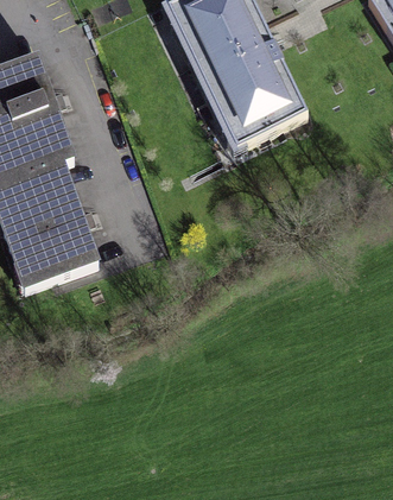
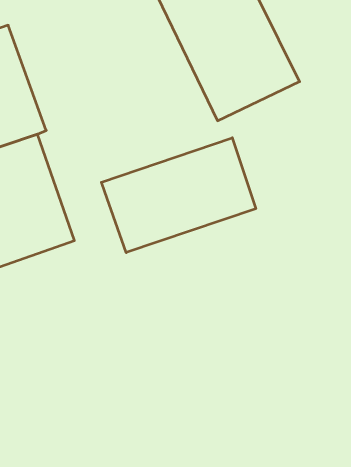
building: none -> [101,138,256,253]

